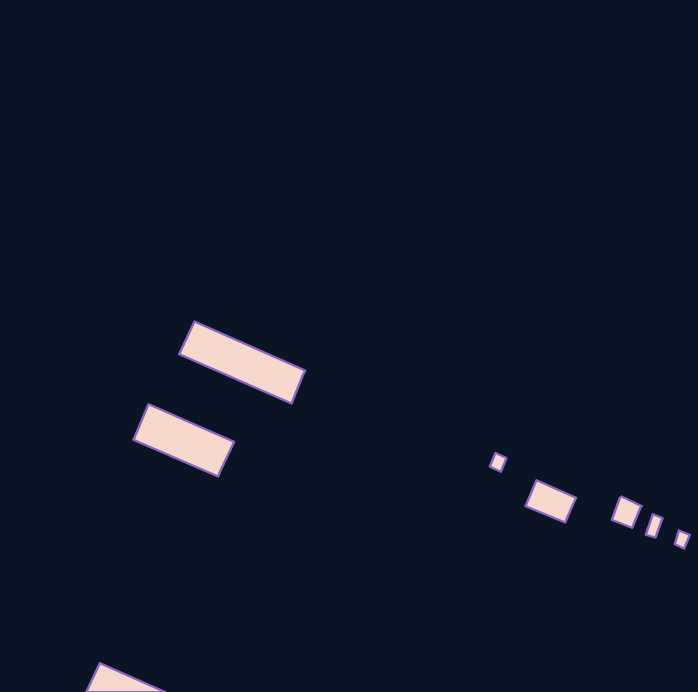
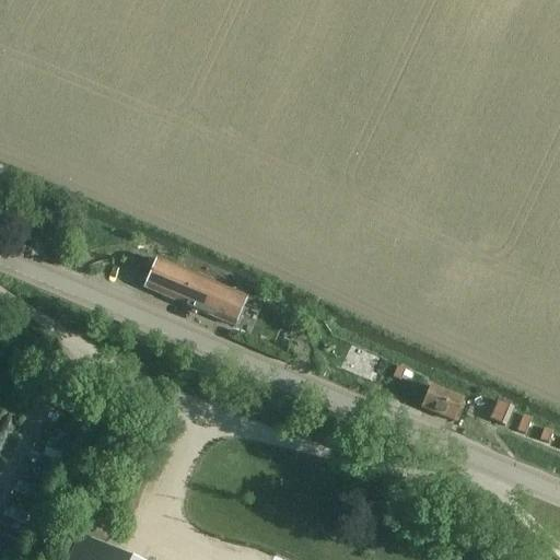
building: [133,404,234,476] -> none

